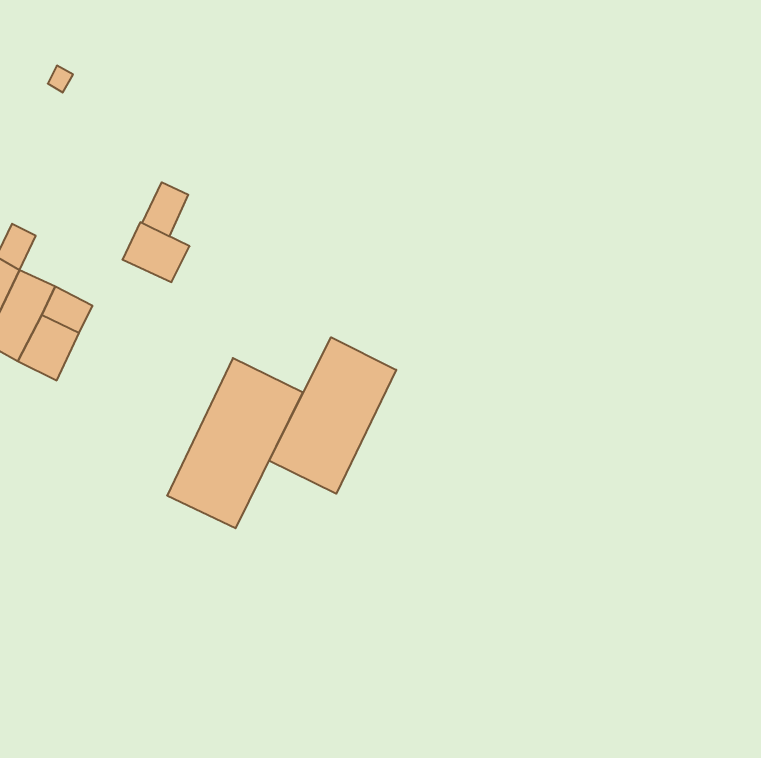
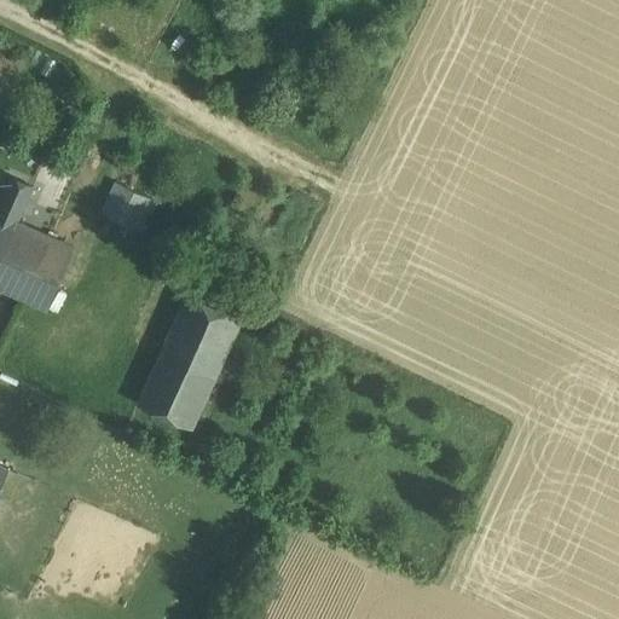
building: [142,182,188,236] -> none
building: [269,337,396,494] -> none

